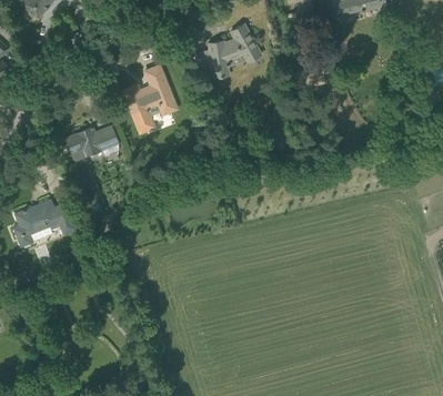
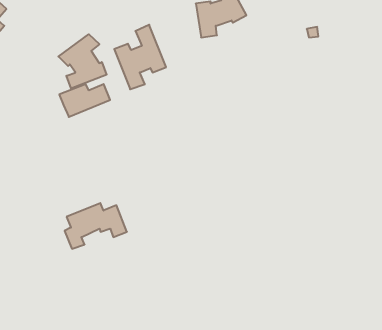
building: none -> [58,34,107,88]
building: [12,199,78,246] -> [65,203,127,249]

